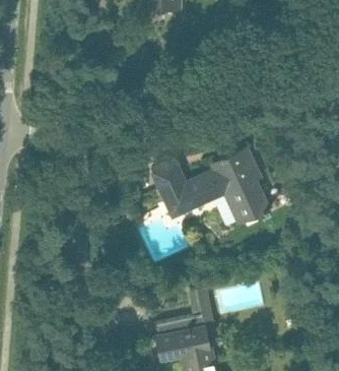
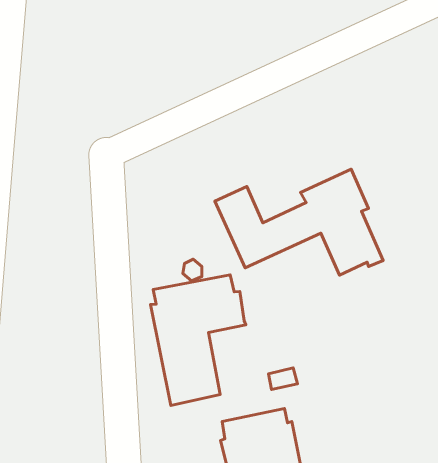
building: none -> [151,275,246,405]

